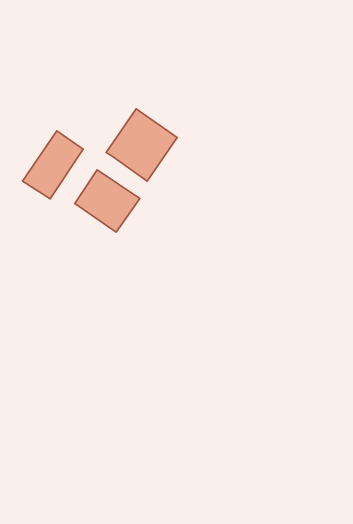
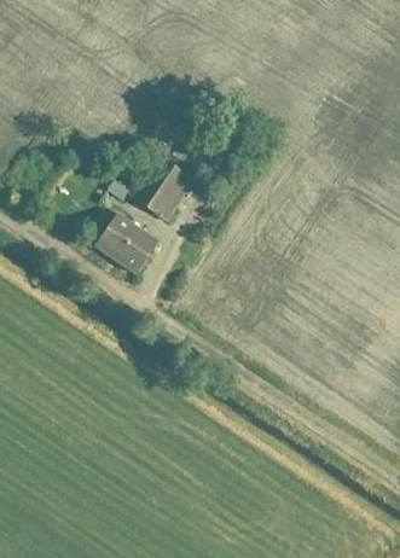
building: [22,131,83,199] -> none

